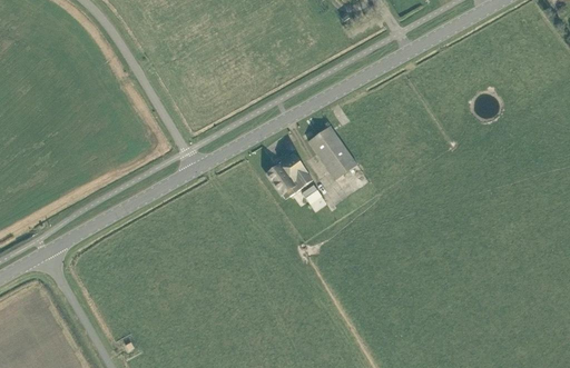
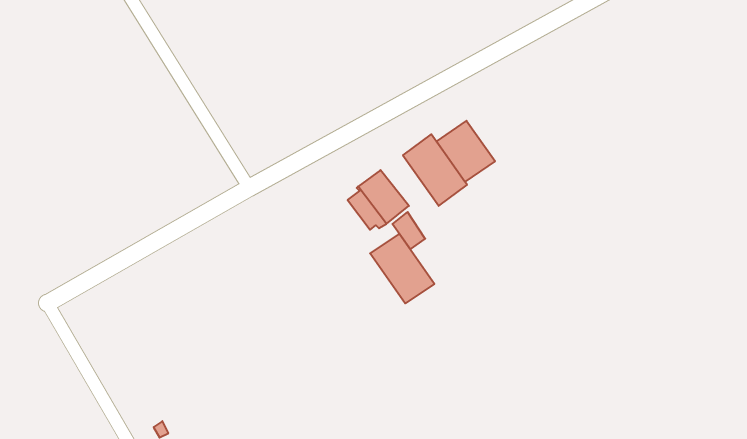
building: none -> [436,121,495,182]
building: none -> [370,234,434,303]

